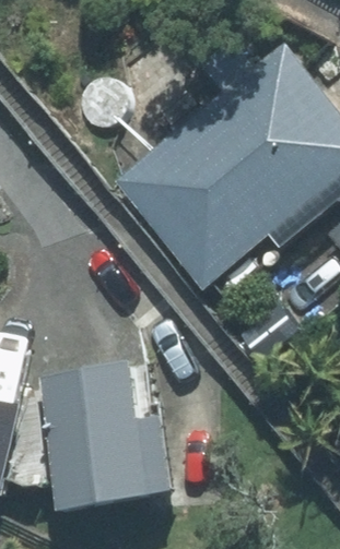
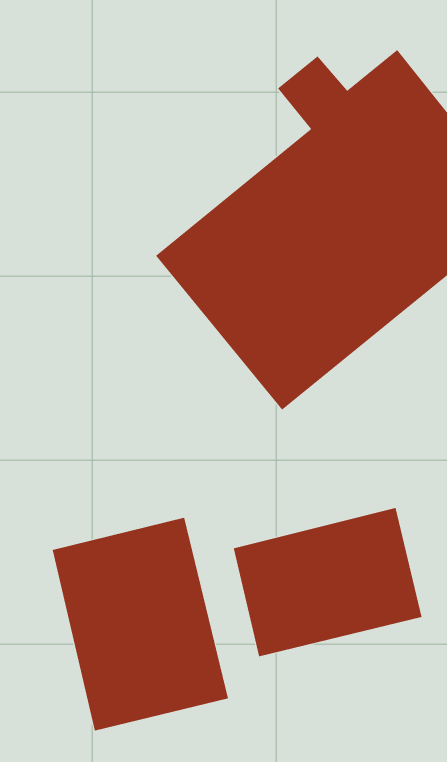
building: none -> [233,507,422,657]

